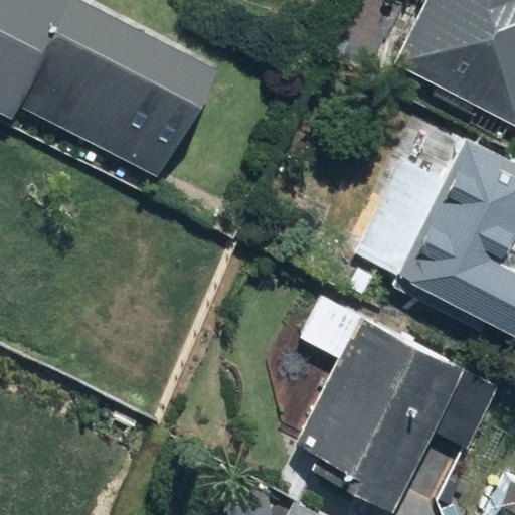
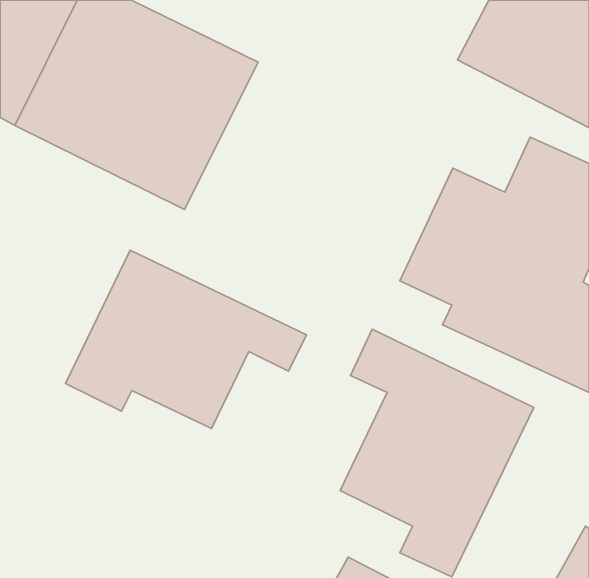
building: none -> [66,250,306,428]

